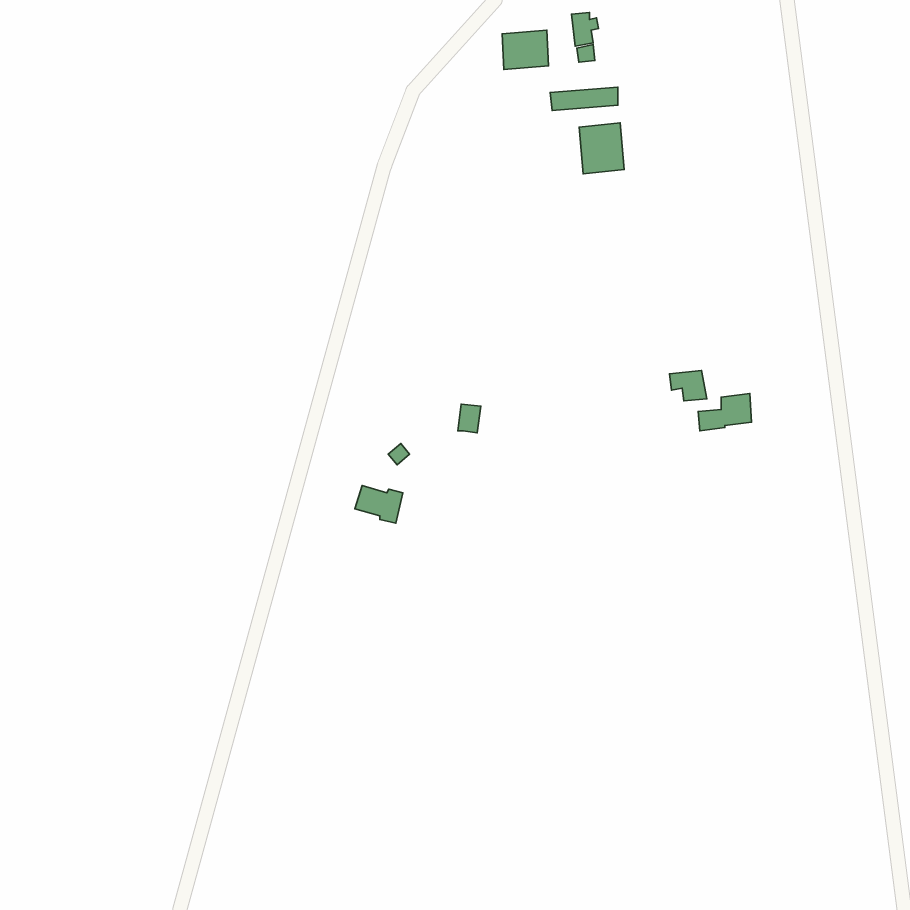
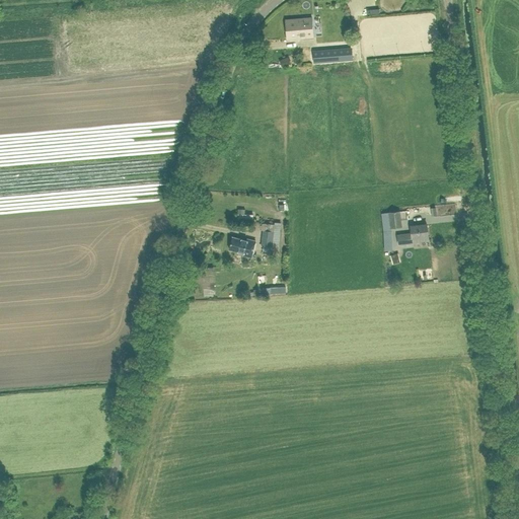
building: [579,123,624,174] -> none
building: [355,486,403,523] -> [228,236,255,257]

